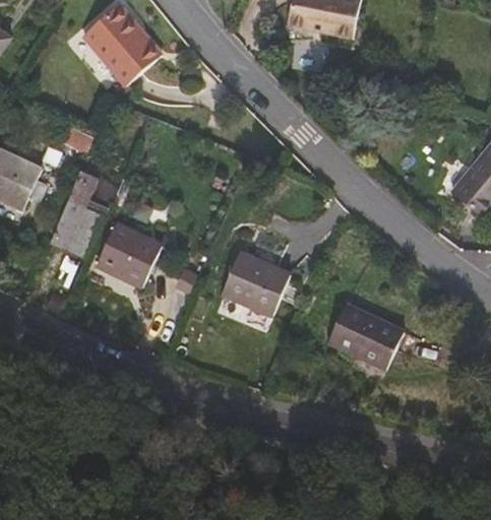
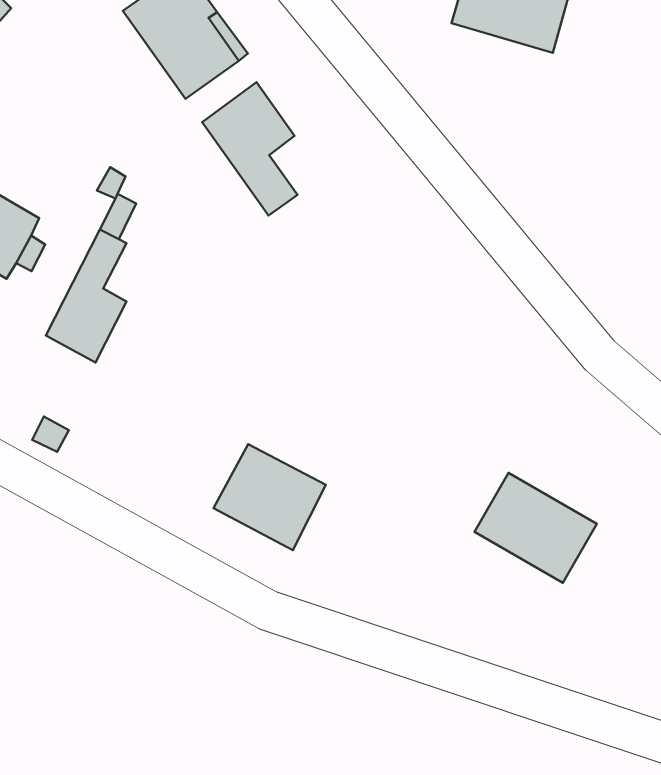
building: none -> [202,82,298,216]
building: [97,222,163,287] -> none
building: [222,253,291,317] -> [214,444,326,550]

